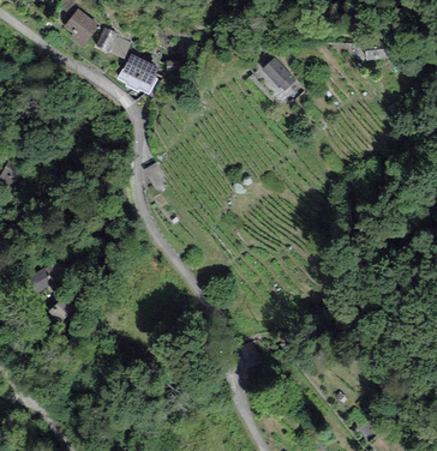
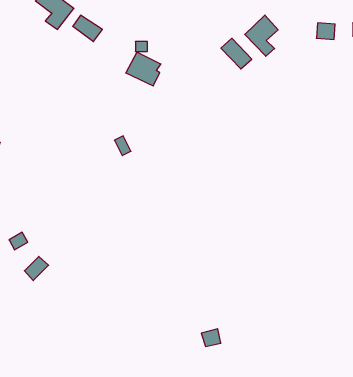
building: none -> [245,15,278,56]
building: [118,53,156,90] -> [126,52,161,86]

